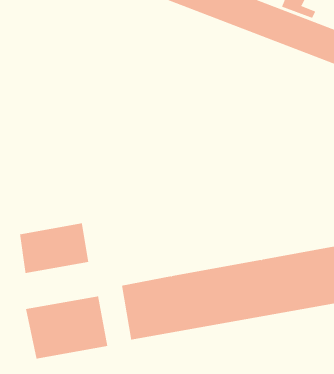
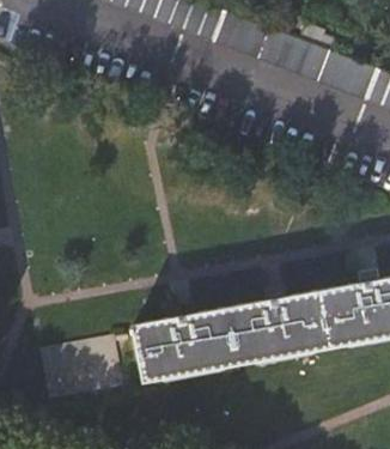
building: [20,223,89,274] -> none

